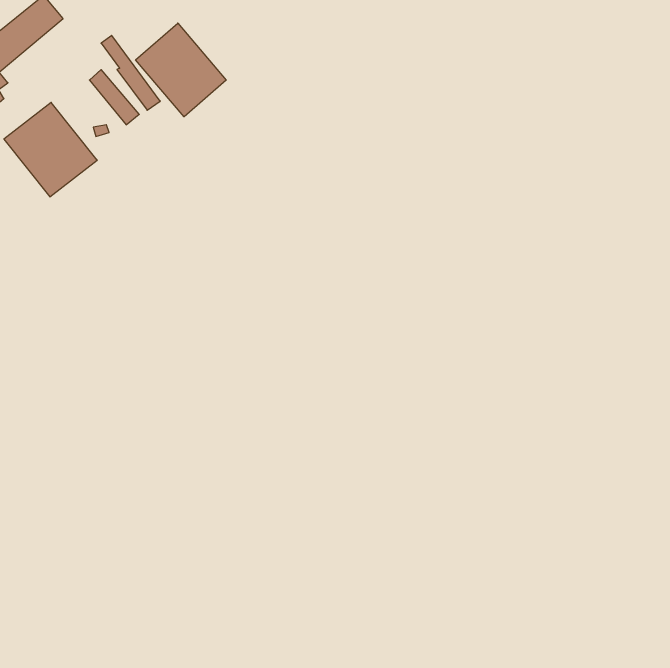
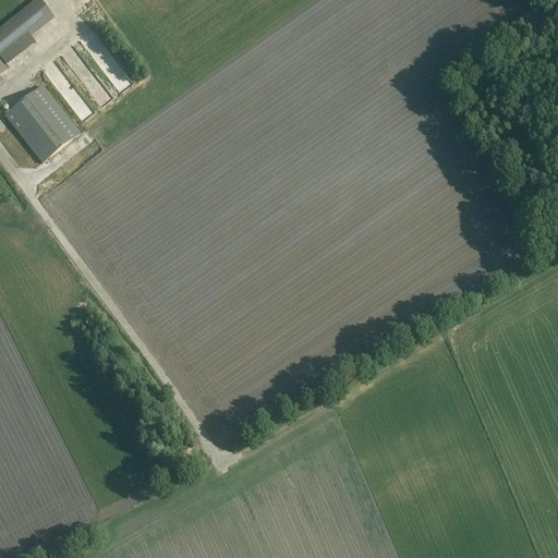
building: [136,23,226,117] -> none

